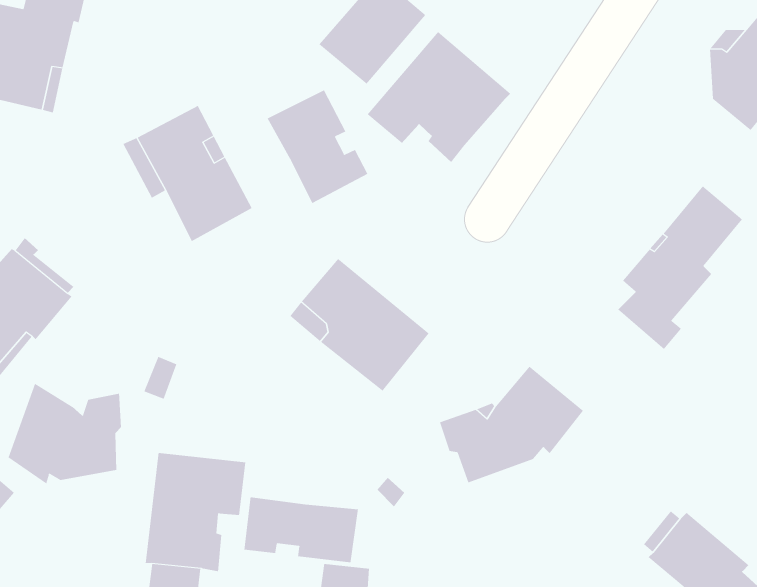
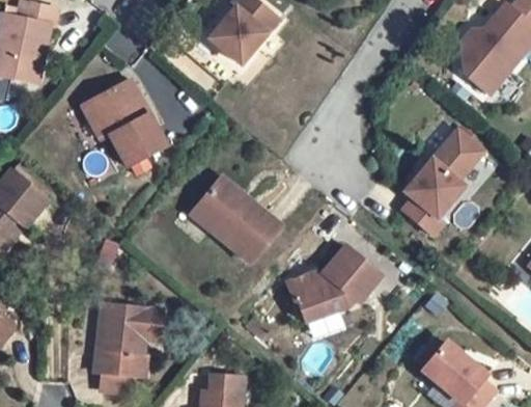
building: [367,31,511,163] -> none
building: [267,89,368,204] -> none
building: [8,383,121,484] -> none
building: [244,497,359,563] -> none

